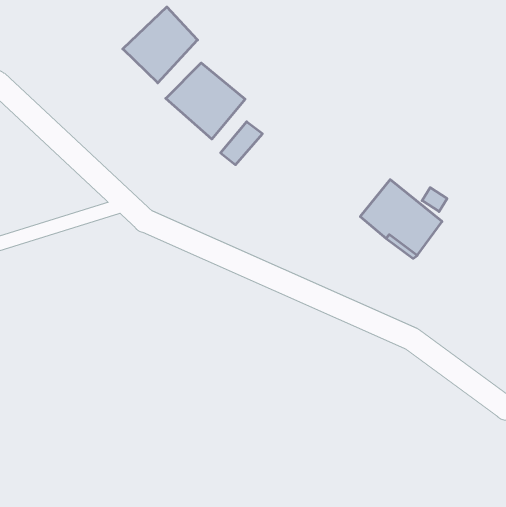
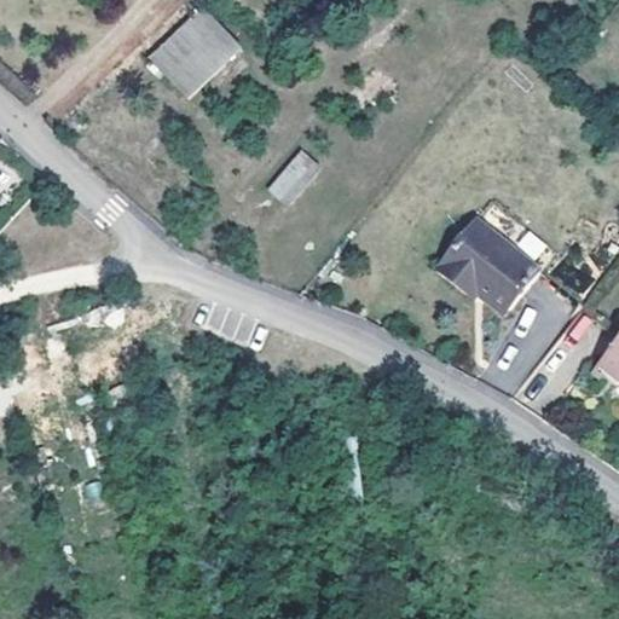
building: [166,63,245,139] -> none

